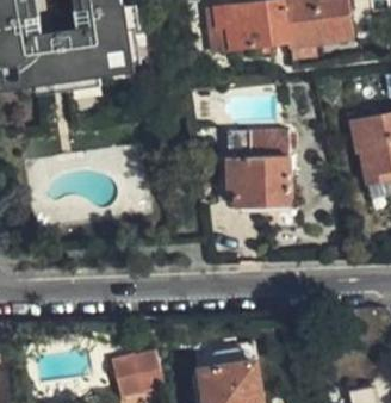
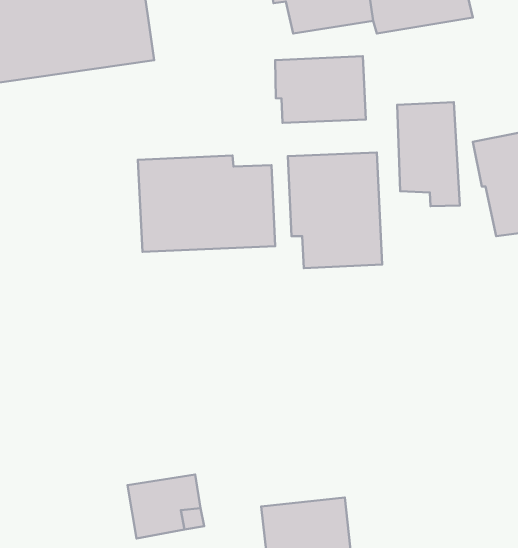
building: none -> [275,56,366,123]
building: none -> [397,102,460,206]
building: none -> [138,155,275,252]

